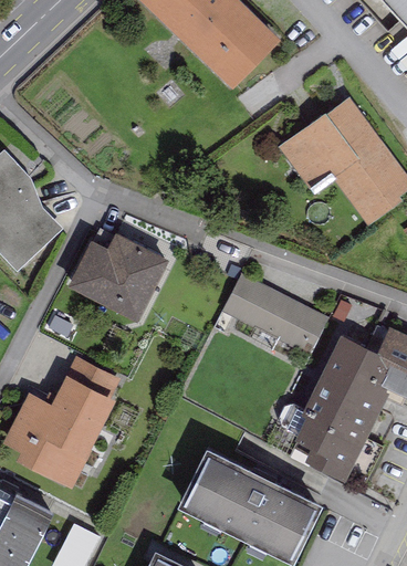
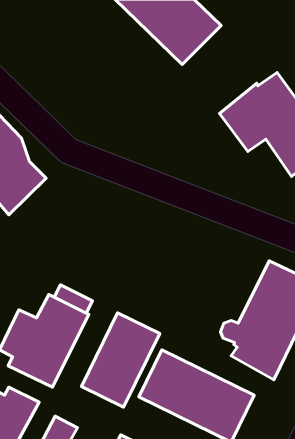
building: [66,229,168,317] -> none
building: [221,274,326,355] -> none
building: none -> [82,313,160,407]

